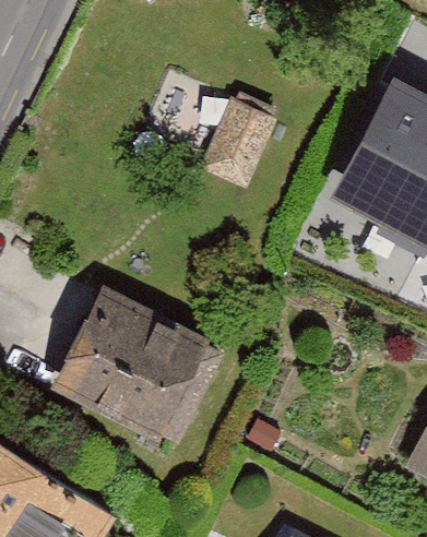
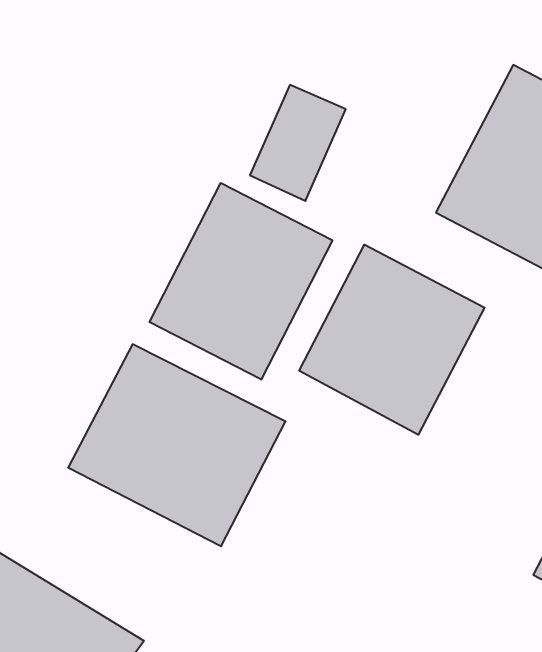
building: none -> [149,183,332,380]
building: none -> [299,245,485,435]

